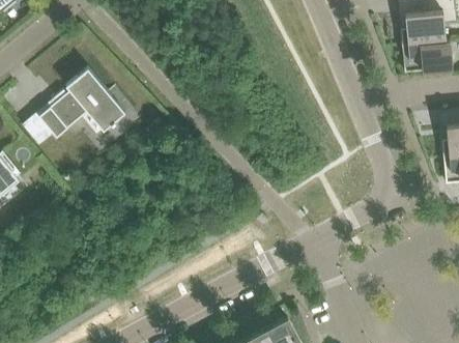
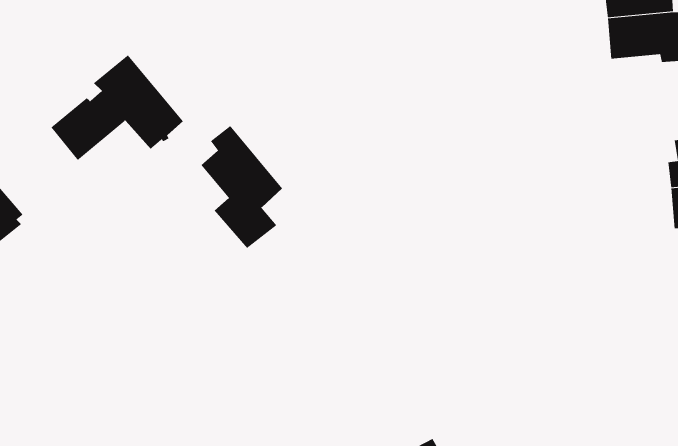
building: none -> [201,125,283,249]

